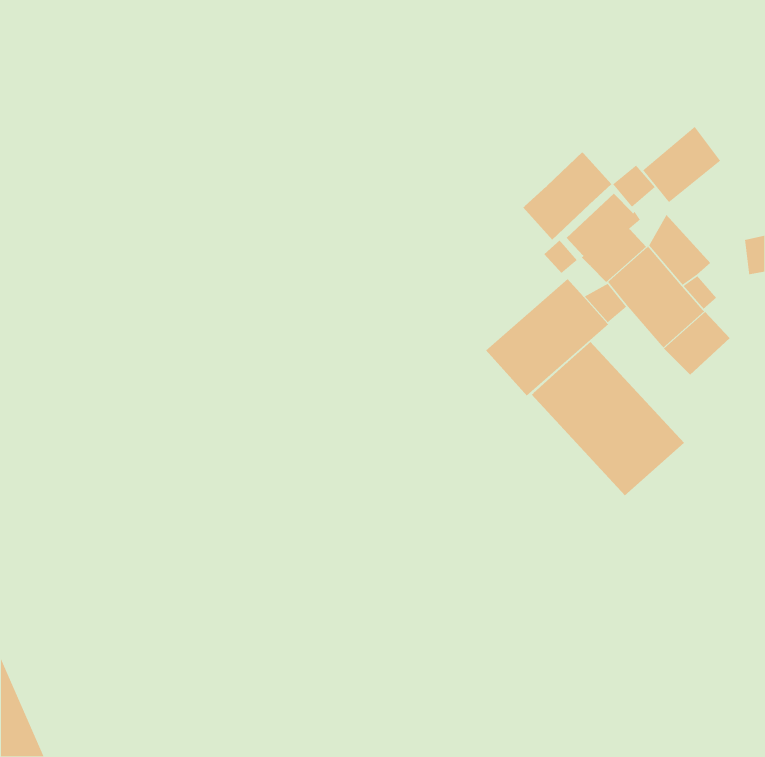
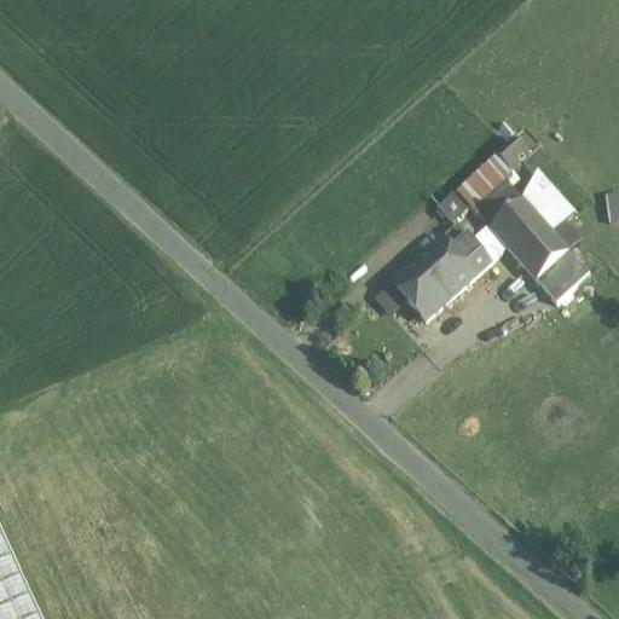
building: [642,126,721,203] -> none
building: [522,151,612,240] -> none
building: [531,341,685,496] -> none

